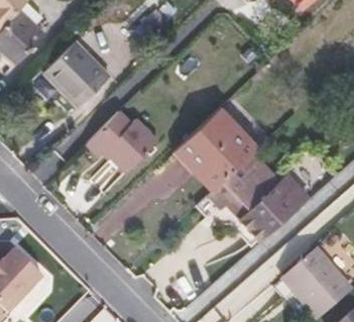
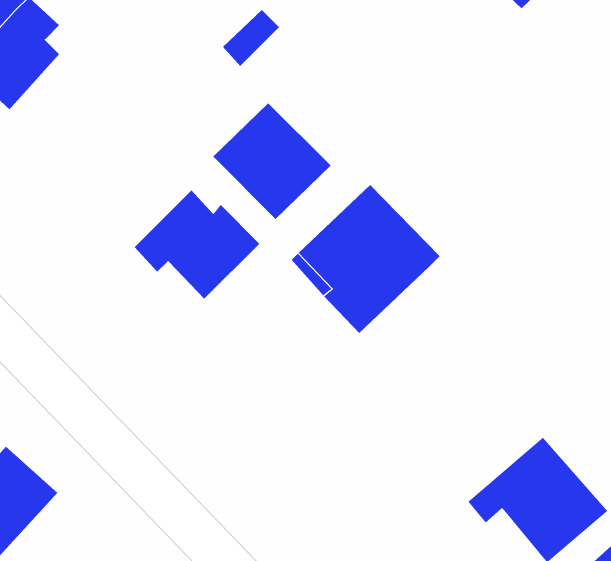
building: [43,40,110,106] -> [212,102,331,220]
building: [206,152,309,238] -> none

